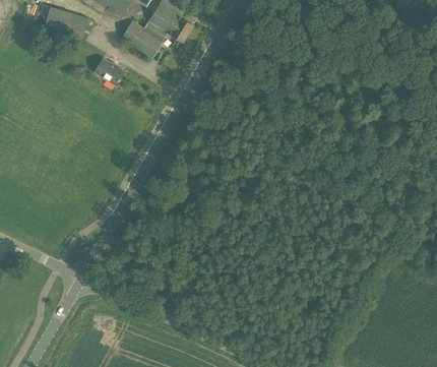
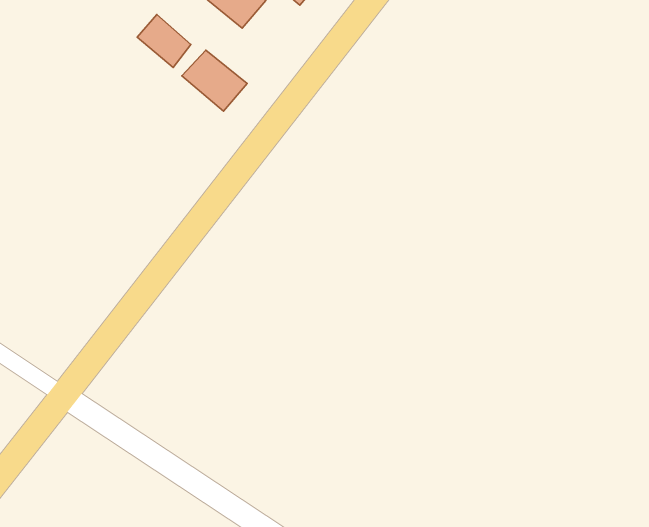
building: none -> [182,50,247,111]

